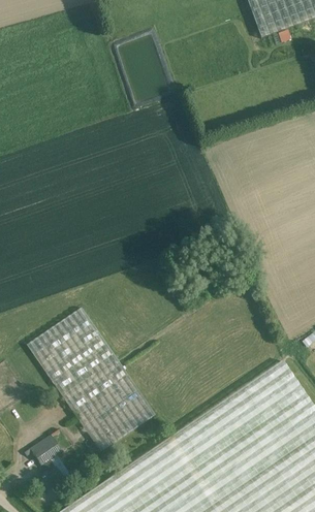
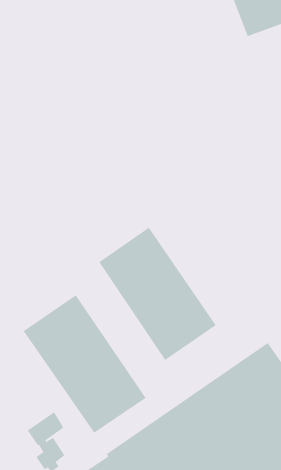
building: none -> [99,227,216,361]

